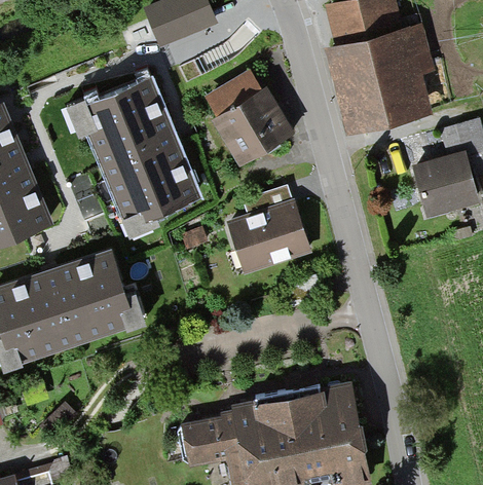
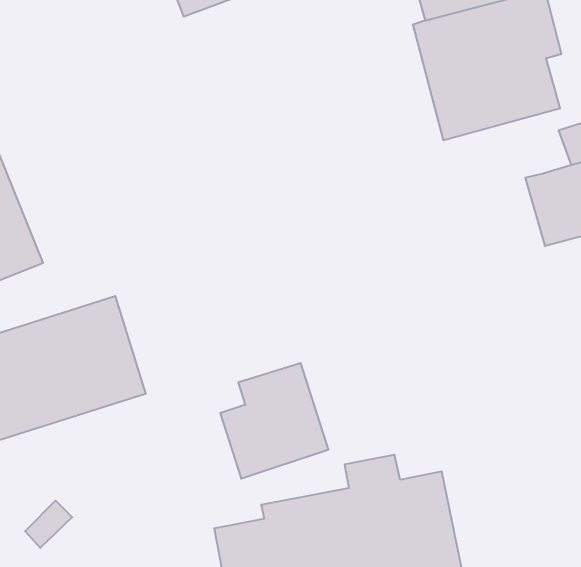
building: [205,69,294,163] -> none
building: [77,81,202,233] -> none
building: [227,187,307,272] -> [220,363,329,479]

